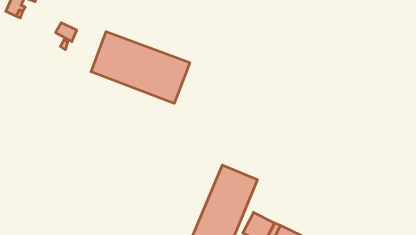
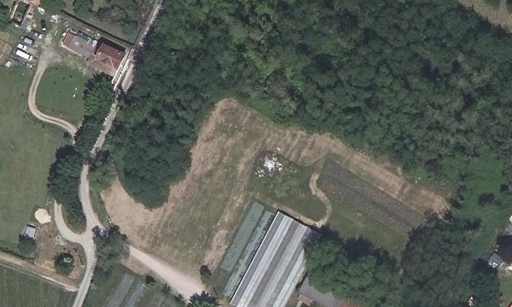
building: none -> [92,46,124,69]
building: [91,32,190,103] -> none

